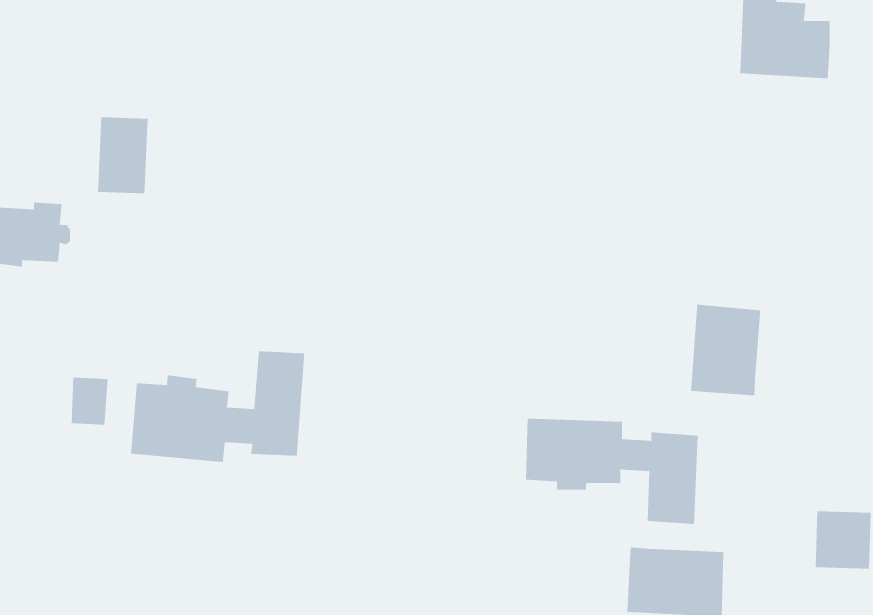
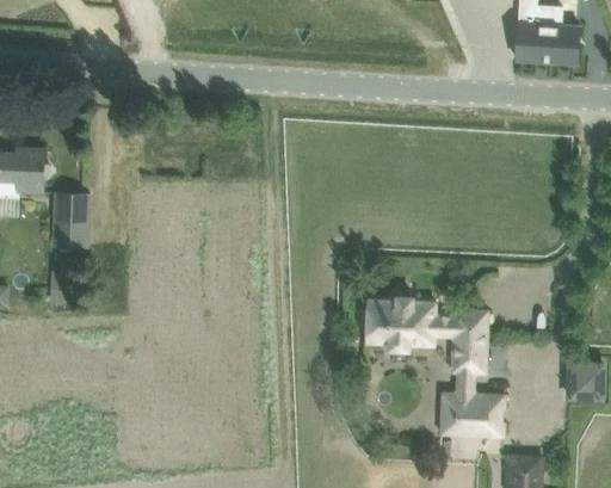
building: [97,117,148,194] -> [54,193,90,247]
building: [691,304,761,396] -> none
building: [131,351,305,463] -> none

